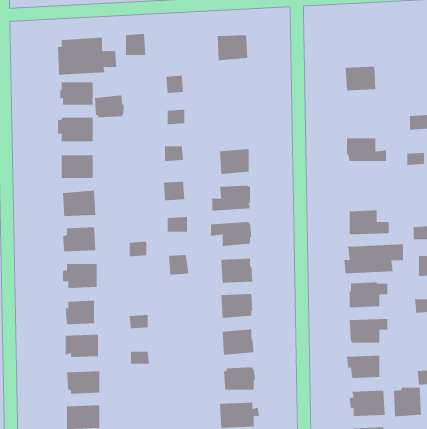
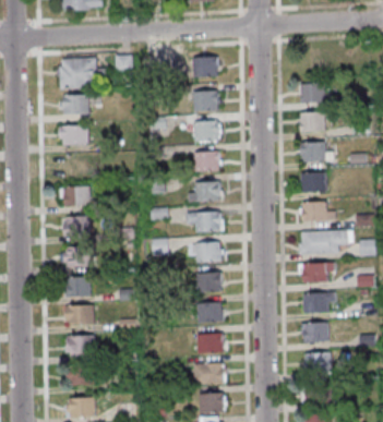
building: none -> [192,91,217,111]
building: [95,94,124,118] -> none
building: none -> [298,111,324,132]
building: none -> [193,121,218,142]
building: none -> [299,172,325,193]
building: [394,387,421,417] -> none

